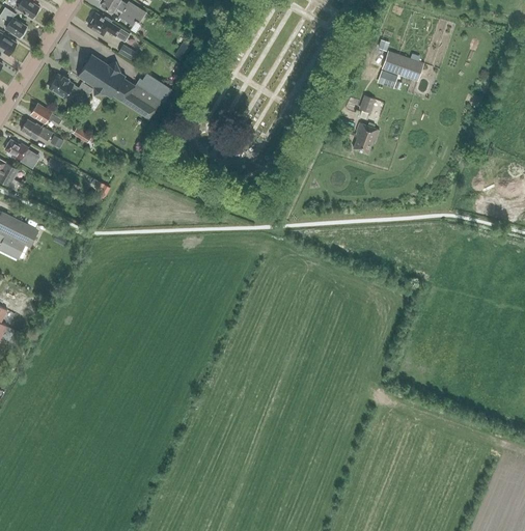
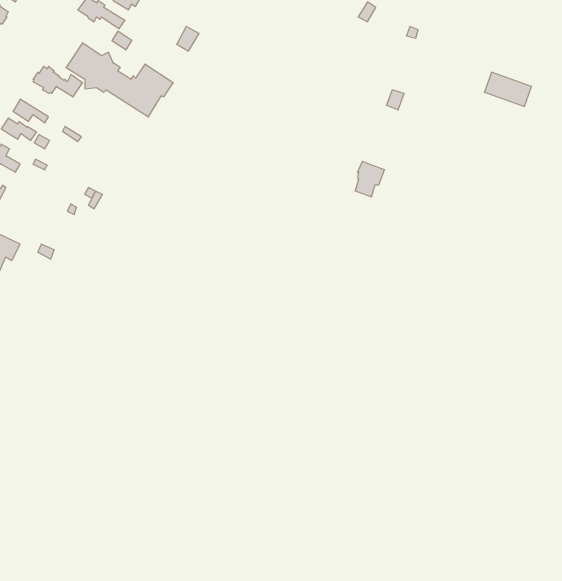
building: [381,50,422,80] -> [484,72,532,106]
building: [353,121,379,152] -> [355,161,385,197]

